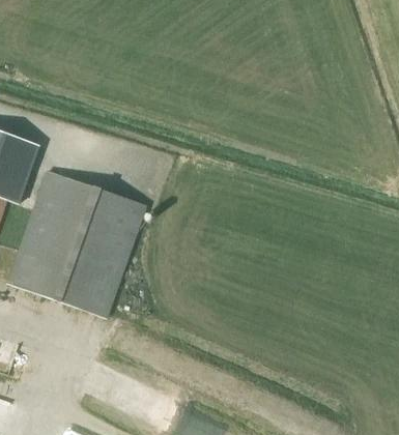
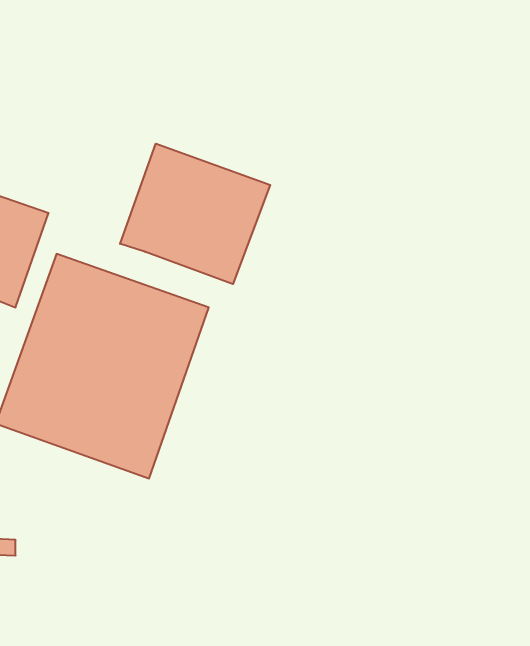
building: none -> [120,144,270,284]

